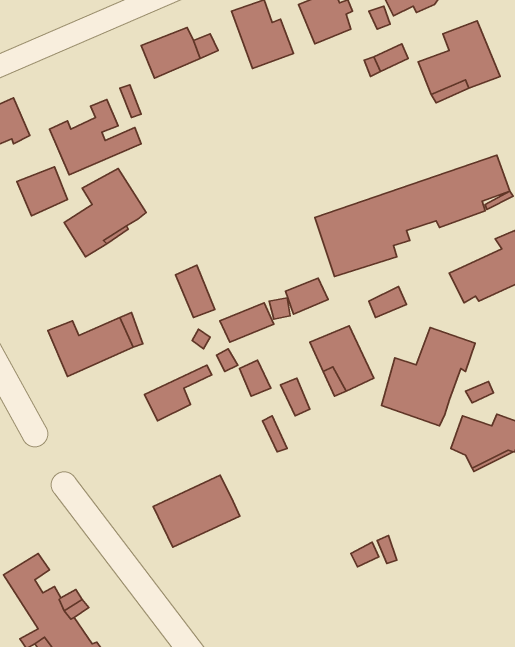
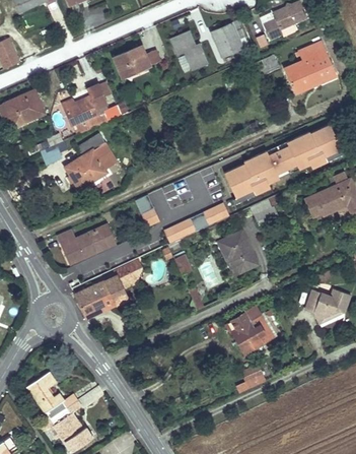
building: [381,328,475,426] -> none
building: none -> [228,307,273,353]
building: [153,475,240,547] -> [74,274,128,319]

